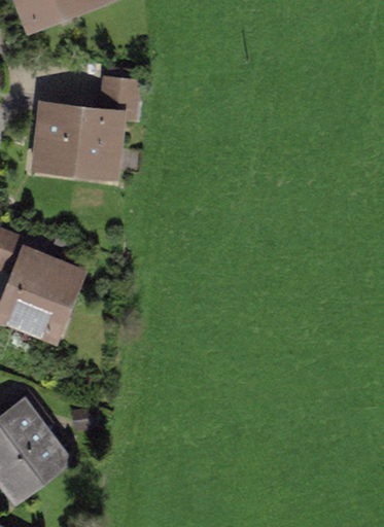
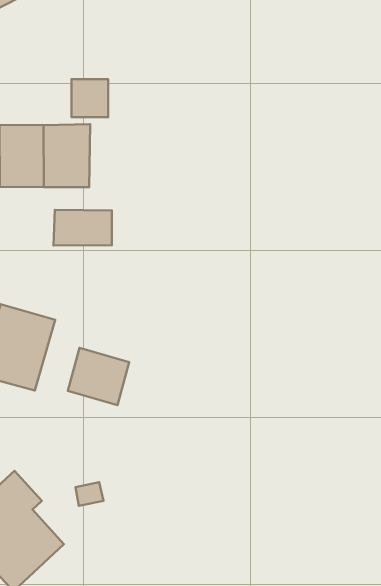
building: none -> [53,210,112,245]
building: none -> [68,348,129,405]

